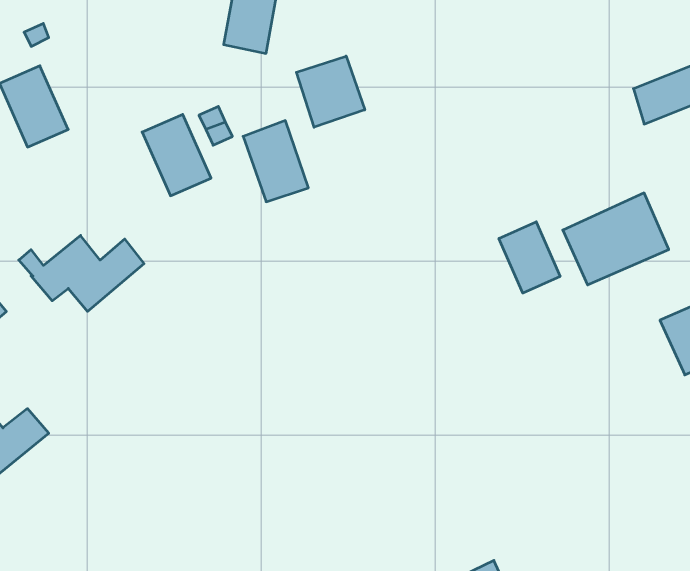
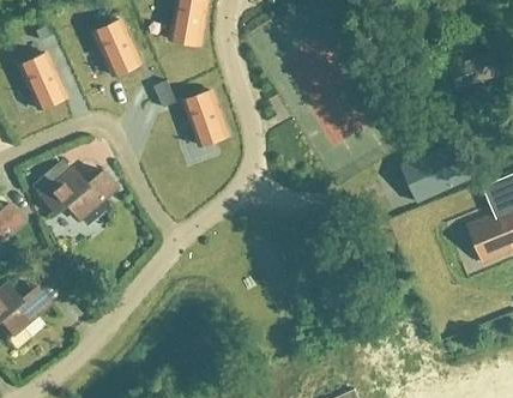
building: [296,56,365,127] -> none
building: [142,114,211,196] -> [92,19,139,74]
building: [499,222,560,293] -> none

